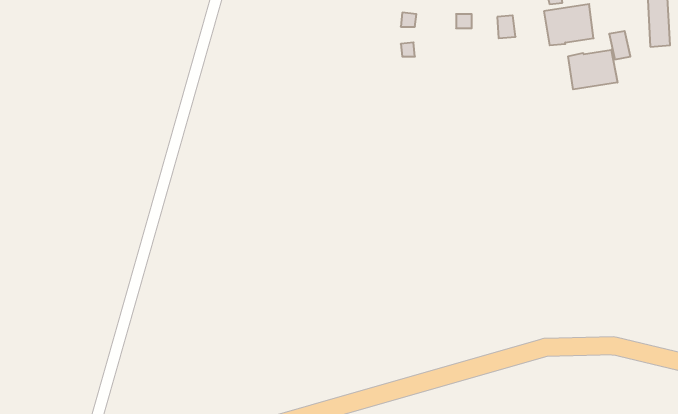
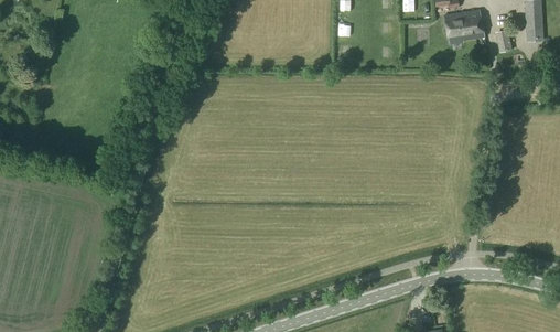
building: [568,50,617,89] -> none

